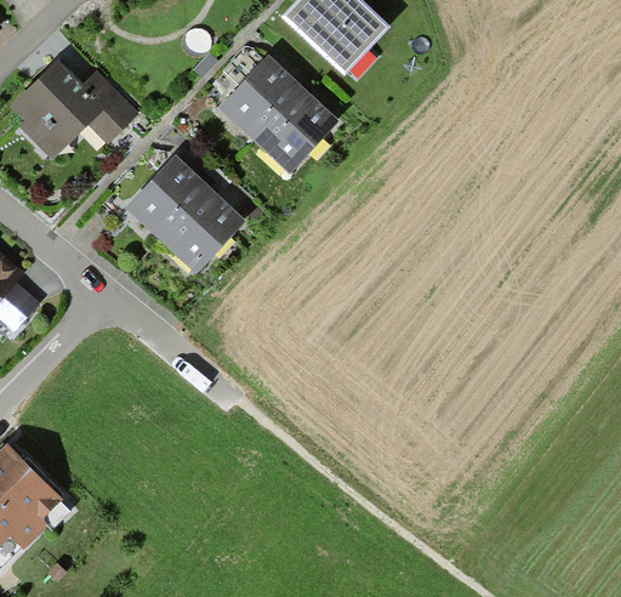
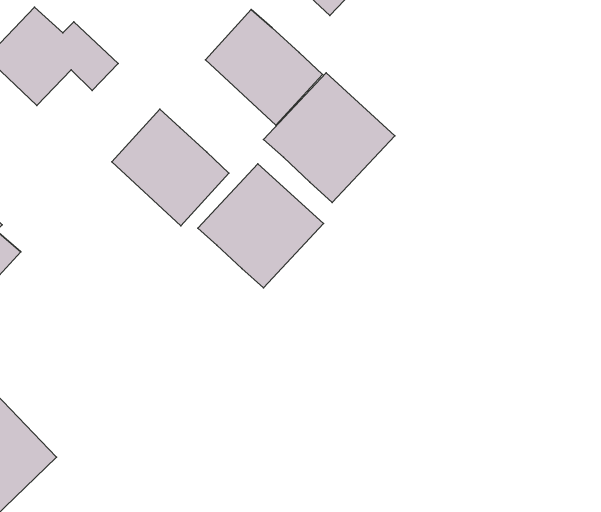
building: none -> [263,73,395,202]
building: none -> [198,164,323,288]

